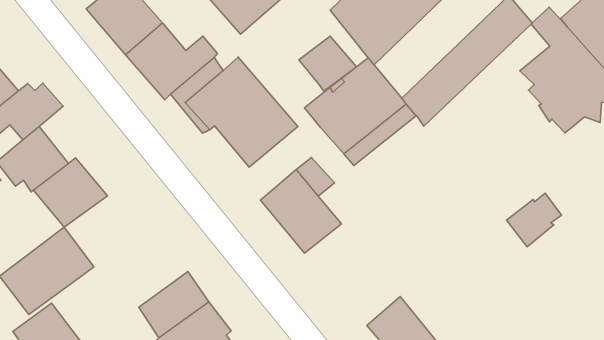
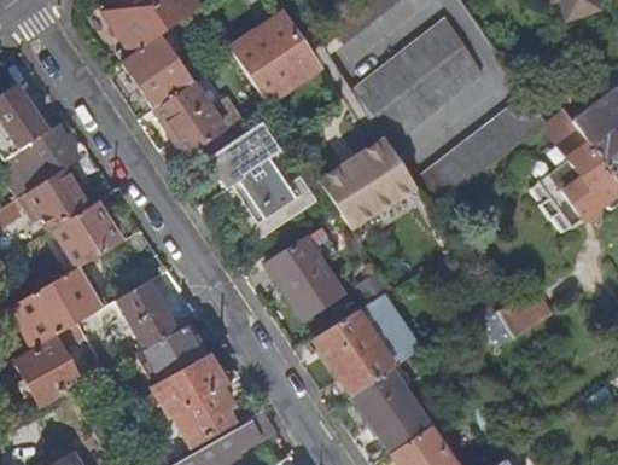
building: [299,36,357,91] -> none
building: none -> [317,290,419,393]
building: none -> [110,280,175,347]

